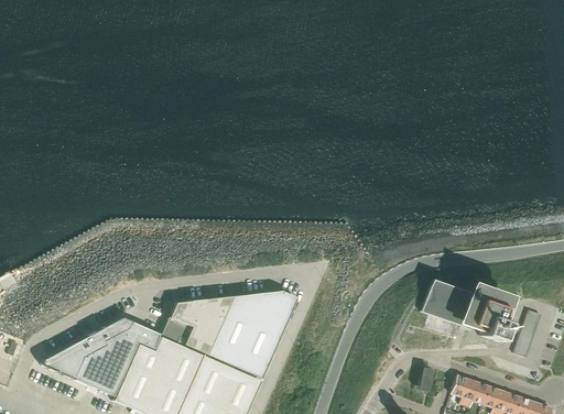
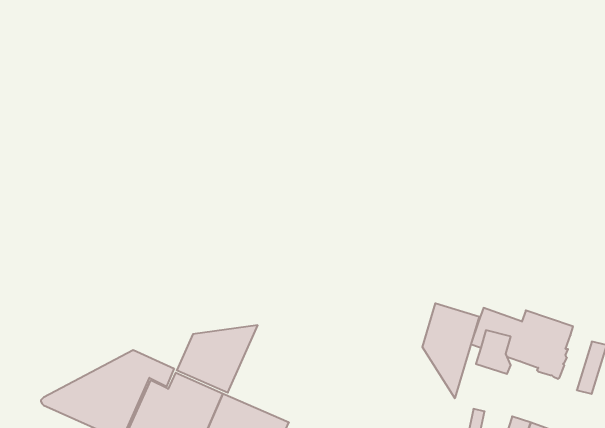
building: none -> [422,303,479,398]
building: [207,290,296,379] -> none

